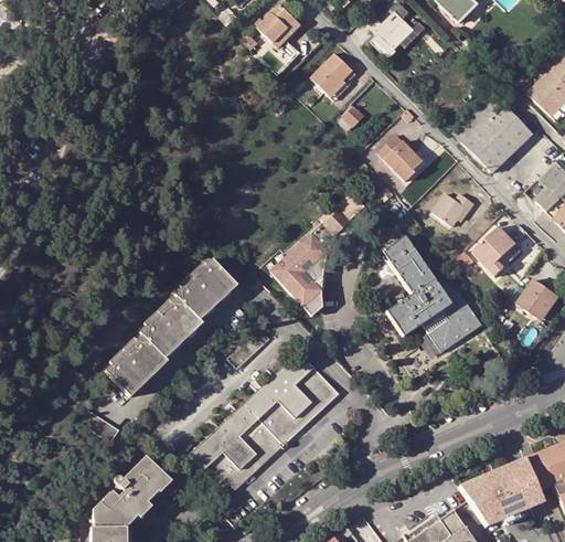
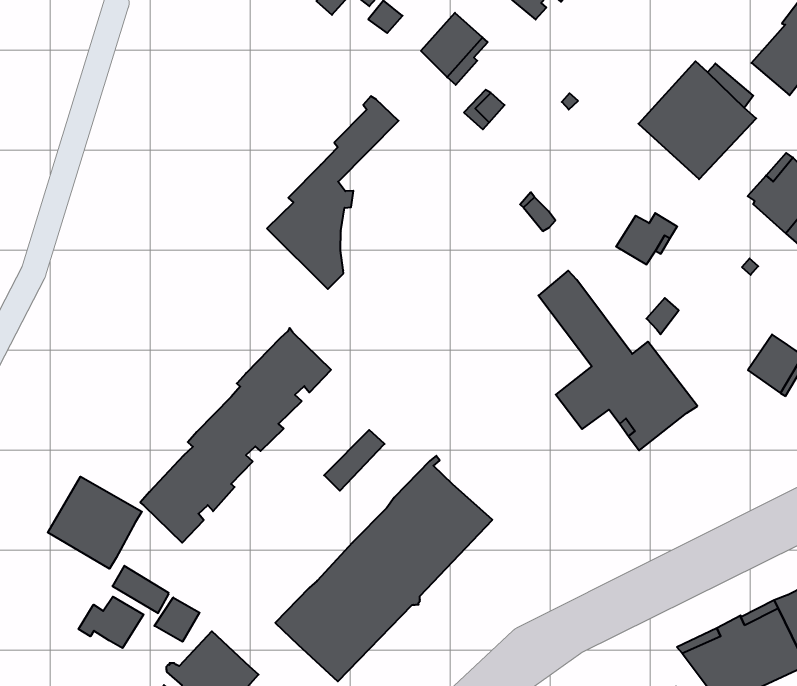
building: [377,134,422,181] -> none
building: [273,189,365,317] -> [267,96,399,289]
building: [472,226,521,276] -> none
building: none -> [48,477,142,569]
building: none -> [79,597,144,648]
building: none -> [154,597,200,642]

